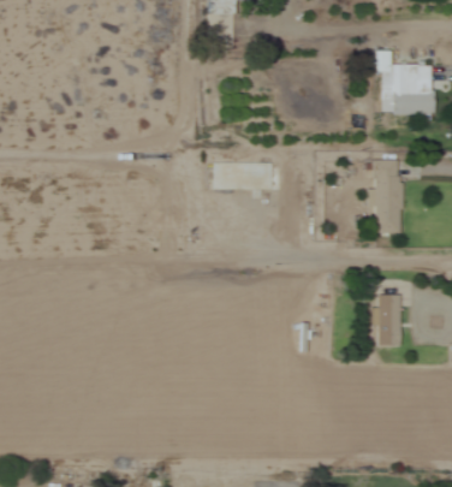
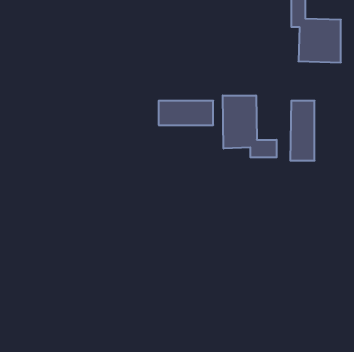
building: none -> [223,95,277,157]
building: [377,295,400,345] -> none

